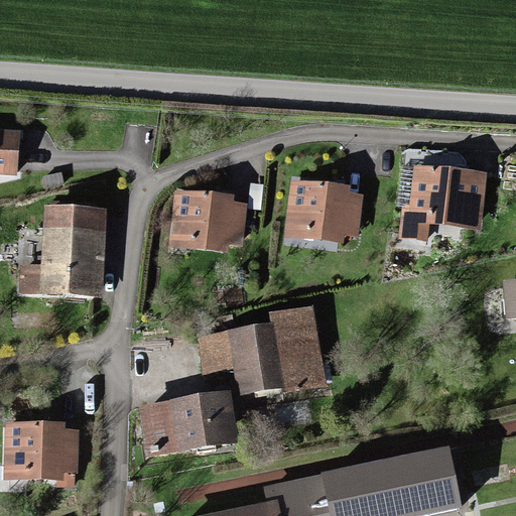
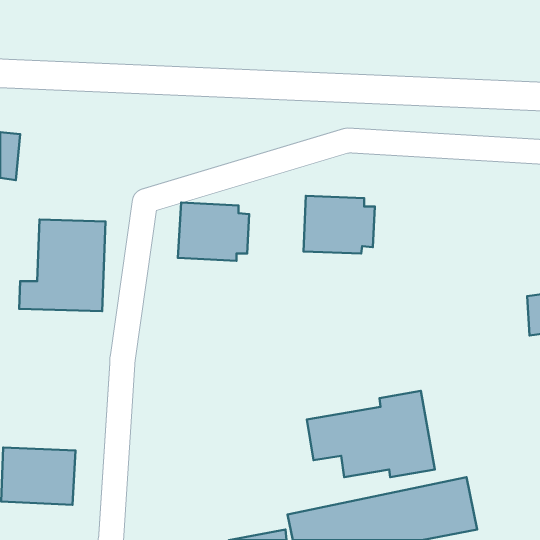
building: [411,166,484,226] -> none
building: [204,307,325,389] -> [307,391,435,477]
building: [145,391,235,456] -> none

